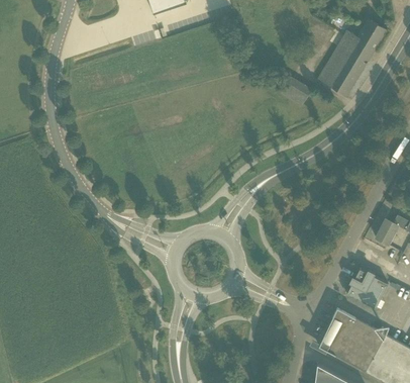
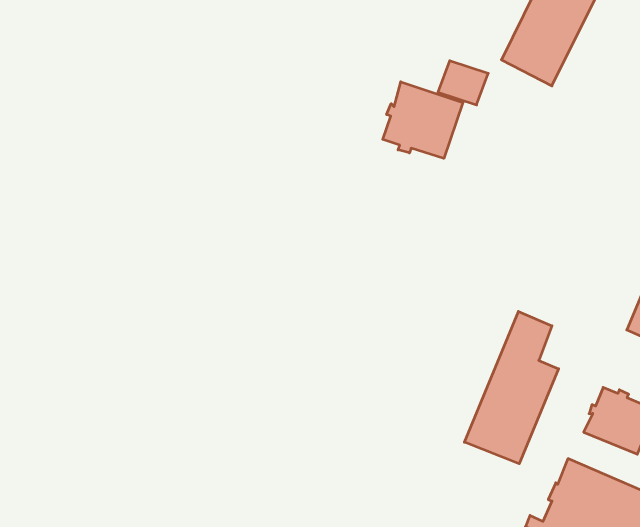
building: none -> [383,82,463,158]
building: none -> [464,311,559,464]

